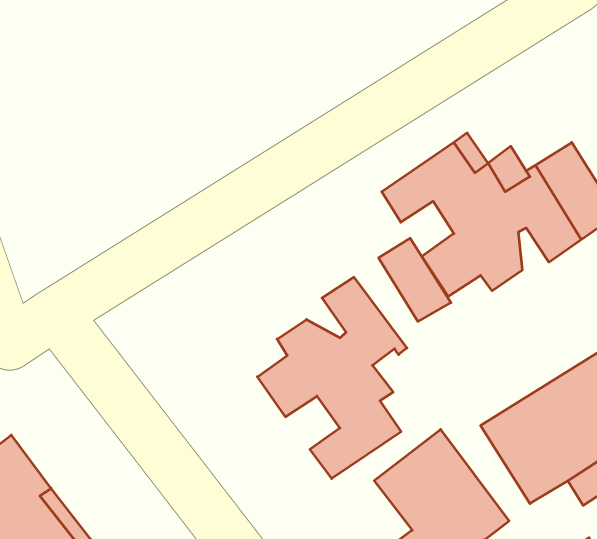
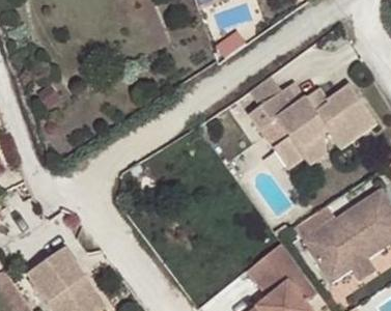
building: [379,238,451,321] -> none
building: [257,277,407,479] -> none

